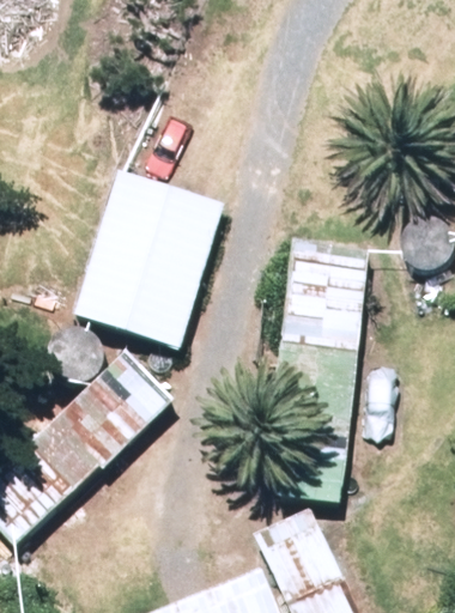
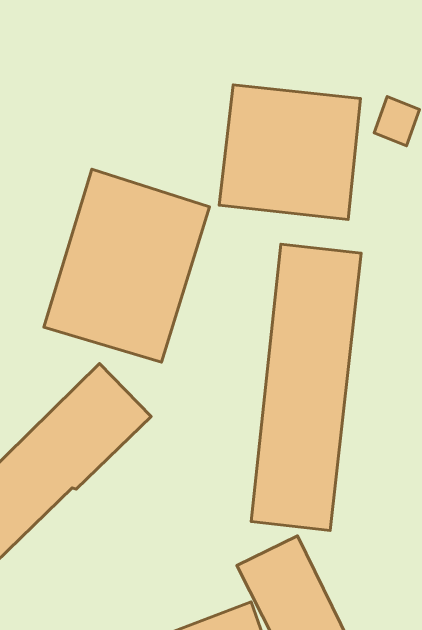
building: none -> [219,85,361,220]

